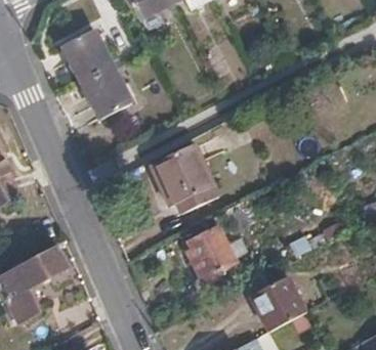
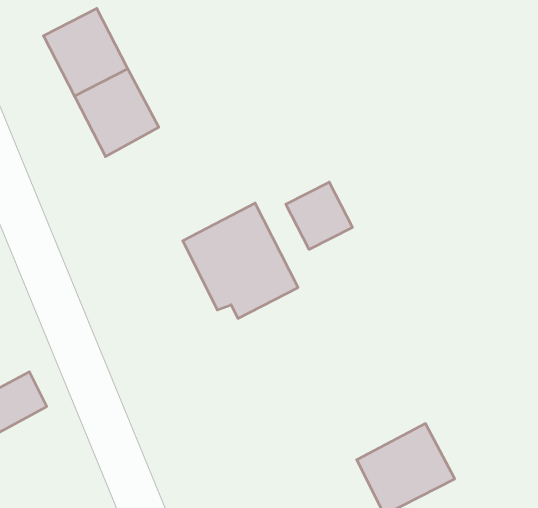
building: none -> [286,182,352,249]
building: [185,229,234,282] -> none

